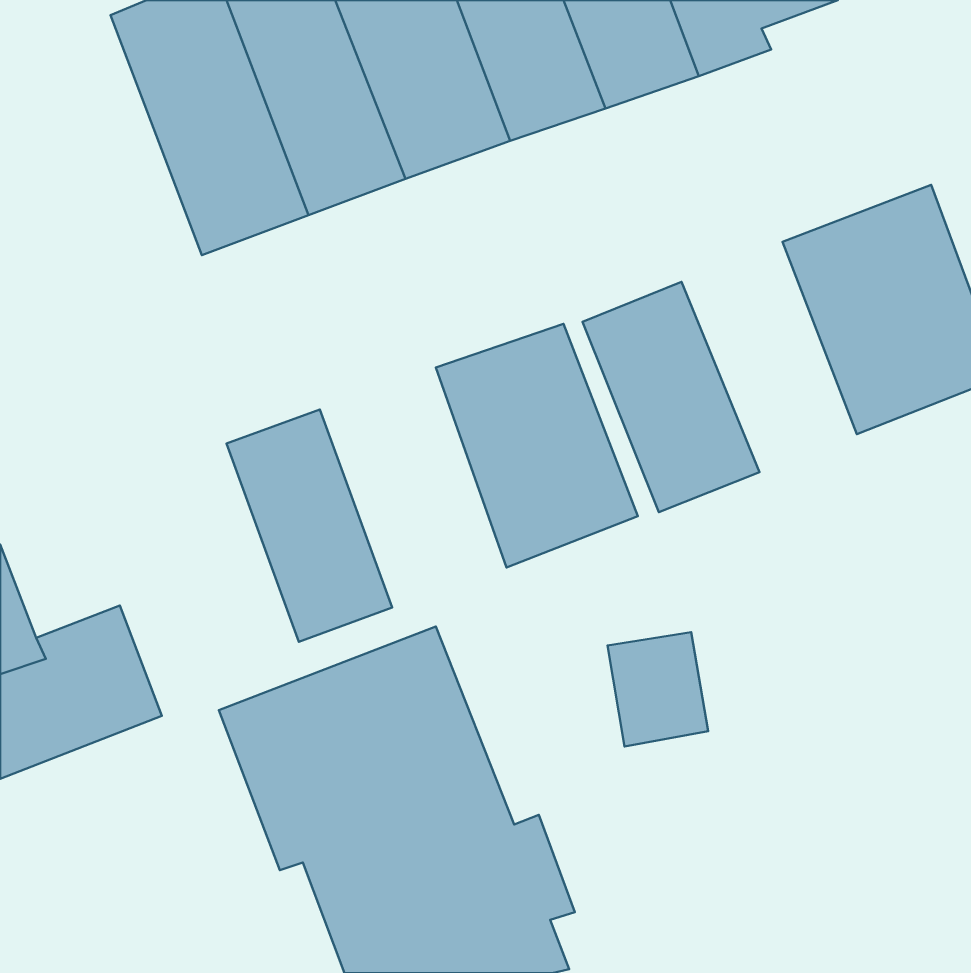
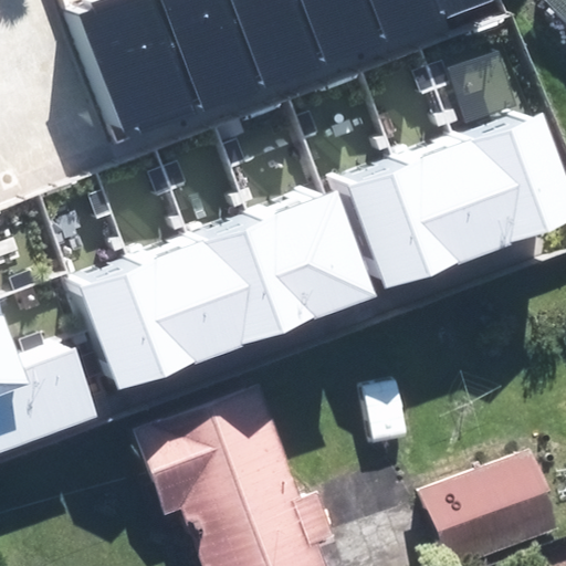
building: none -> [397,140,499,274]
building: none -> [187,213,295,353]
building: none -> [71,258,175,395]
building: none -> [408,429,559,554]

